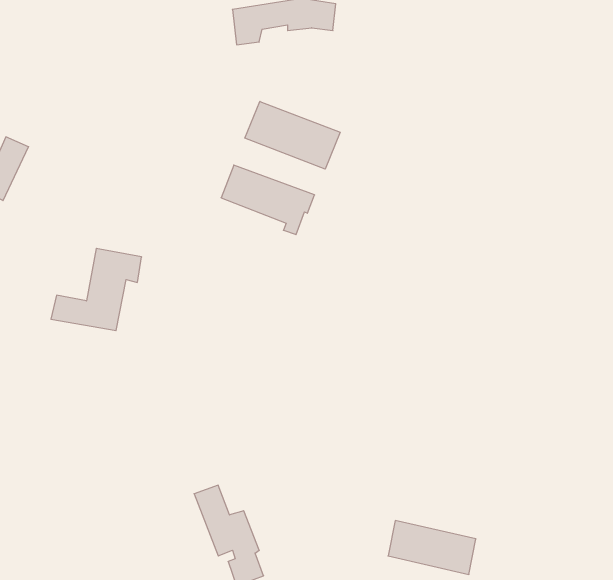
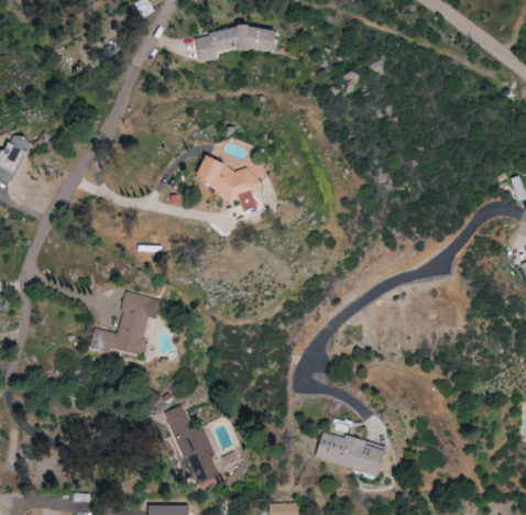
building: [245,101,340,169] -> none
building: [51,248,142,331] -> [90,293,161,357]

